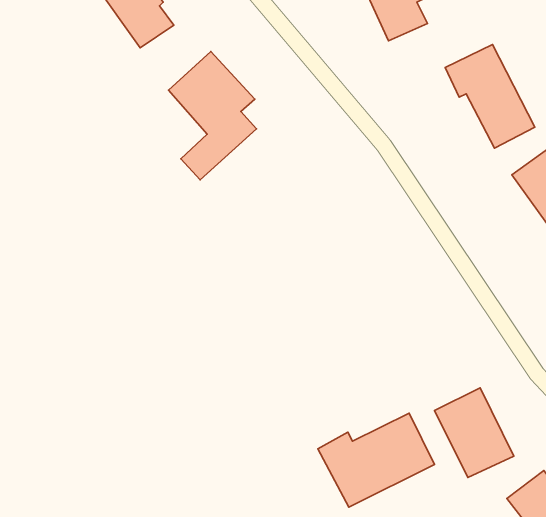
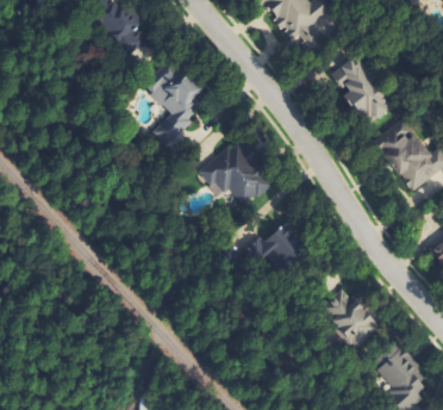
building: none -> [198,139,275,205]
building: none -> [261,225,305,269]
building: [318,413,434,507] -> none

